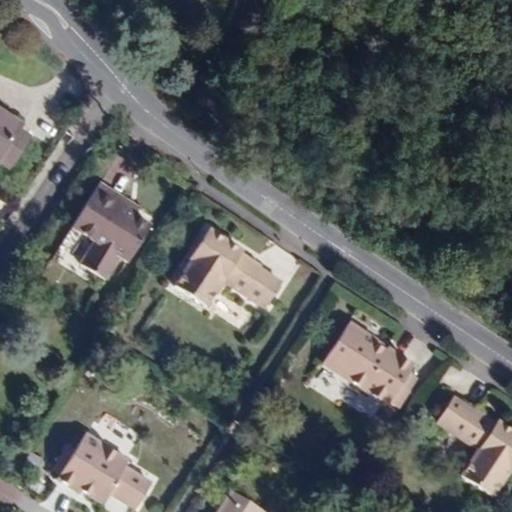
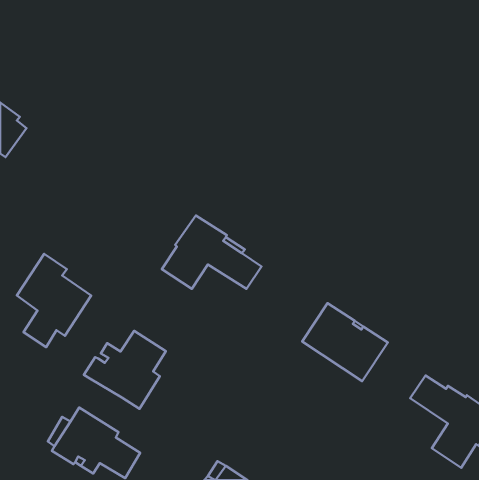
building: [73,174,152,273] -> [17,254,91,347]
building: none -> [84,331,166,409]

